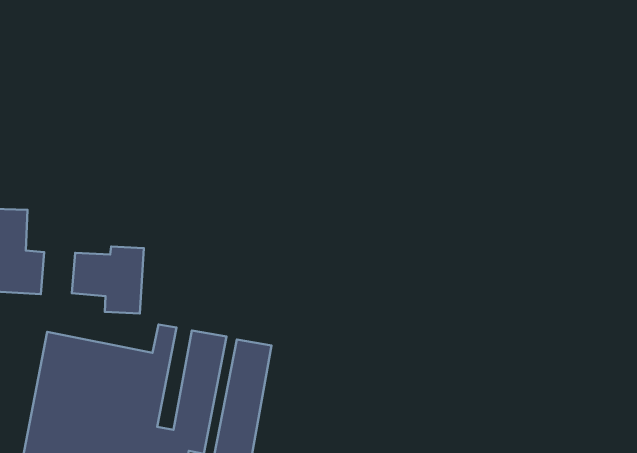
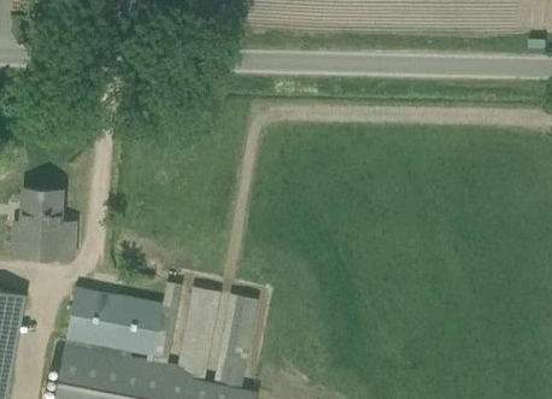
building: [72,247,144,314] -> none

